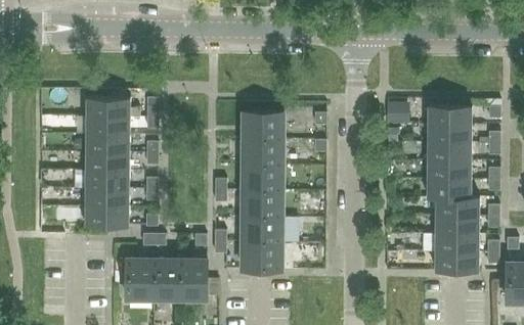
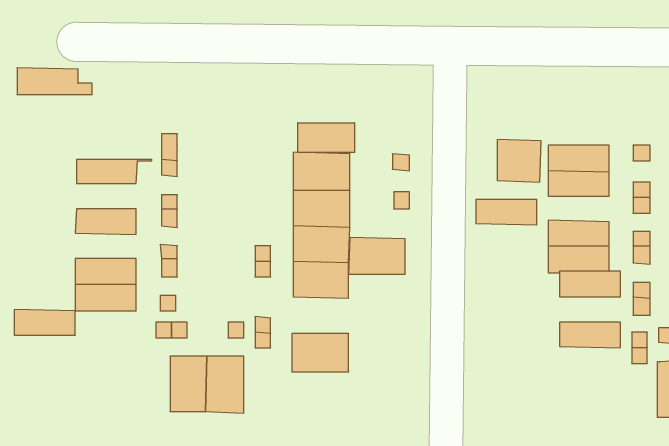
building: none -> [298,123,355,152]
building: [86,97,140,117] -> [17,68,92,95]
building: [86,134,129,152] -> none
building: [427,143,471,161] -> [476,199,537,225]
building: [85,170,129,188] -> [14,310,75,335]
building: [242,216,282,242] -> [349,237,405,274]
building: [435,216,479,234] -> none
building: [435,251,479,271] -> none
building: [126,259,154,298] -> none

